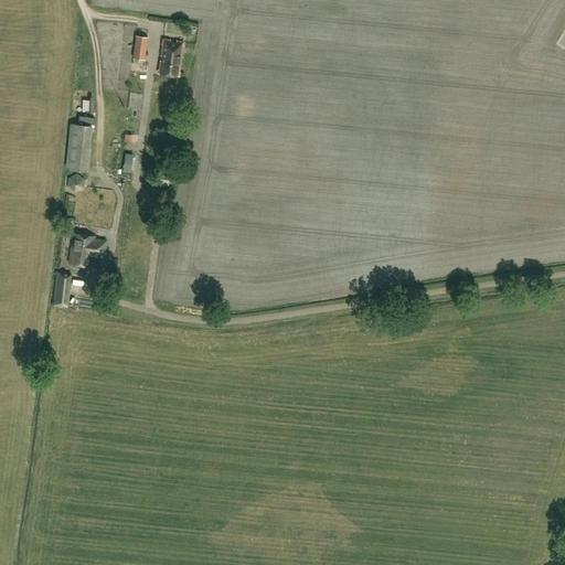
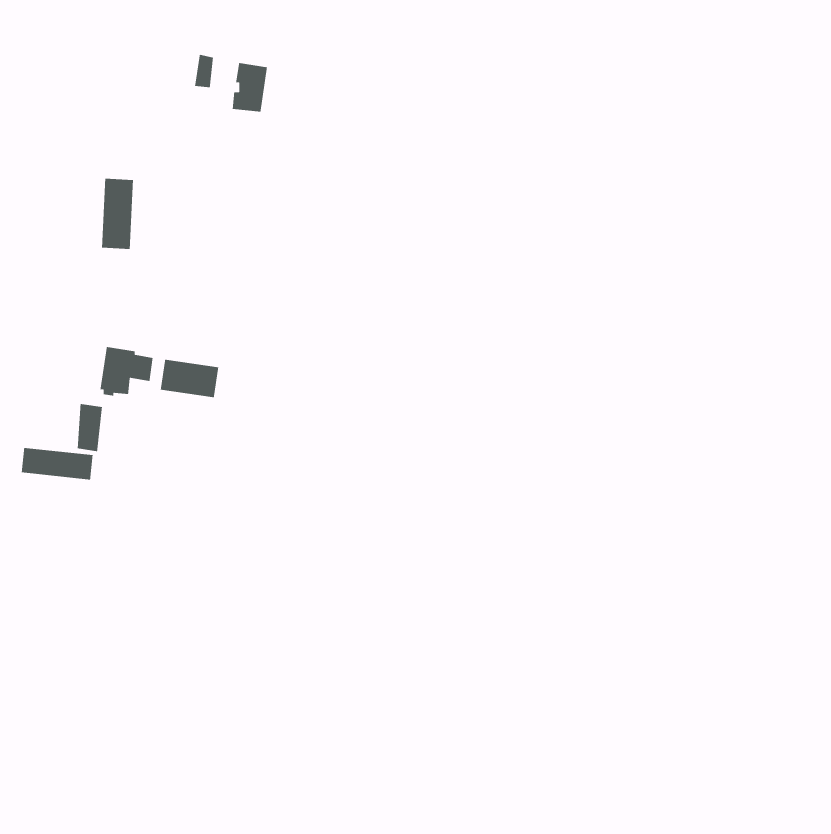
building: none -> [160,359,219,398]
building: none -> [21,447,93,480]

